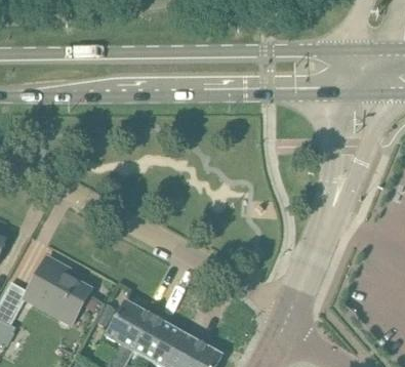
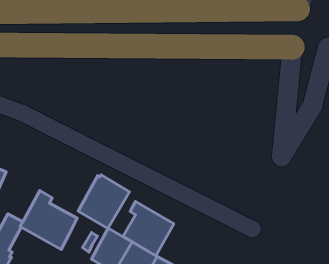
building: none -> [78,175,129,229]
building: none -> [123,202,174,256]

